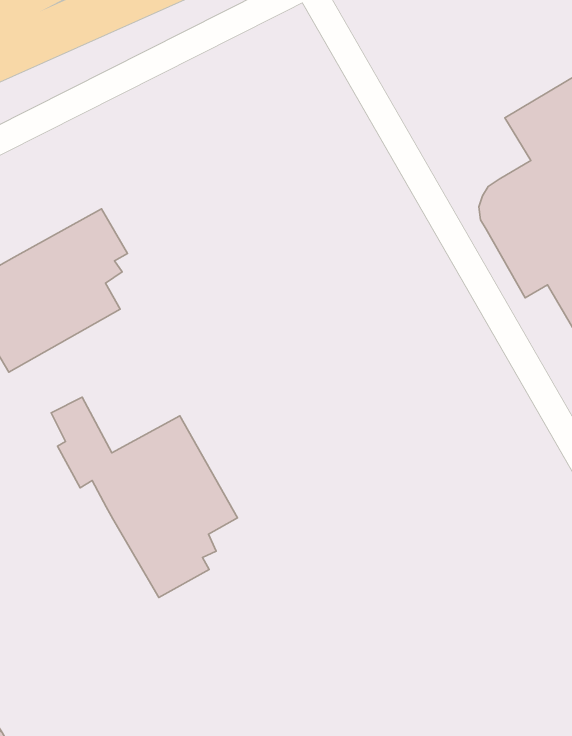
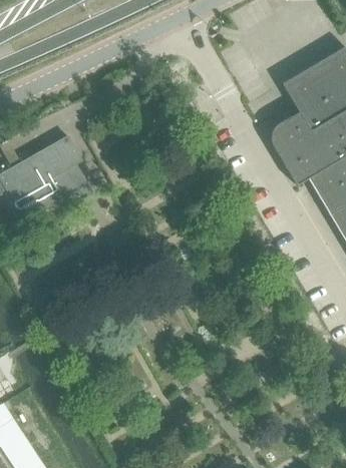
building: [51,397,238,598] -> none

